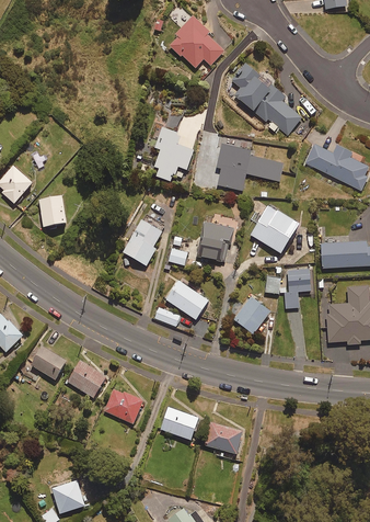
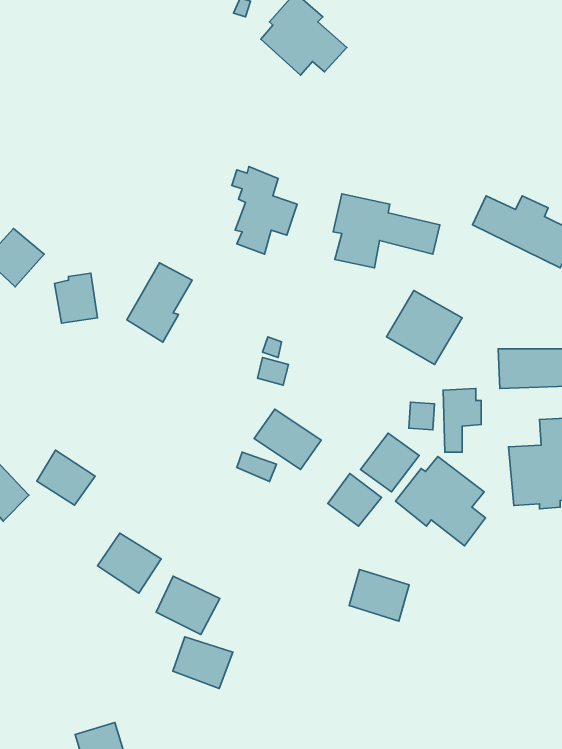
building: [230,63,301,135] -> none
building: [123,215,164,265] -> [127,263,192,342]
building: [195,220,233,261] -> none
building: none -> [395,456,485,546]
building: none -> [328,473,381,526]
building: [30,344,67,379] -> [37,450,95,505]
building: [160,407,198,440] -> [173,637,233,688]
building: [204,421,242,454] -> [349,569,409,621]

